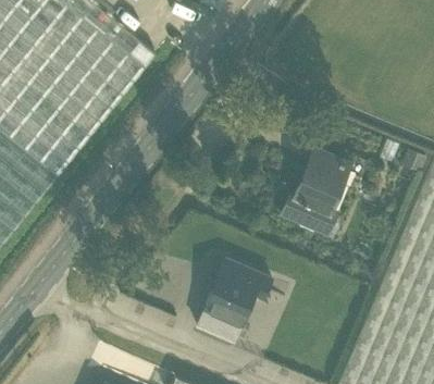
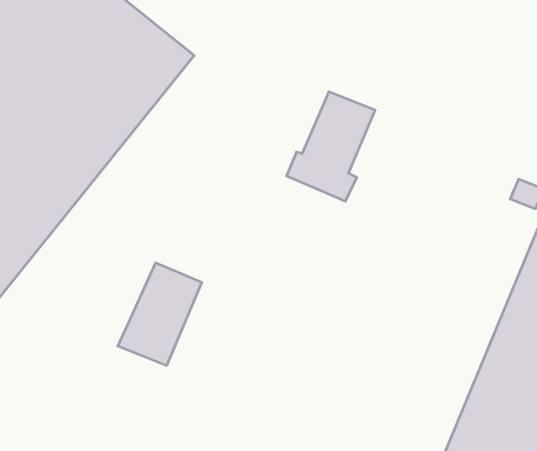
building: [282,148,350,233] -> [287,92,375,201]
building: [197,258,262,337] -> [118,263,202,365]

